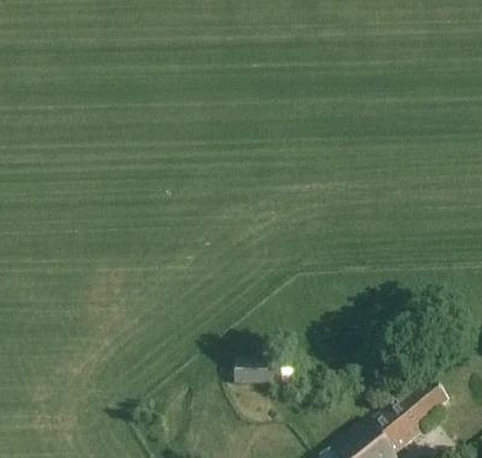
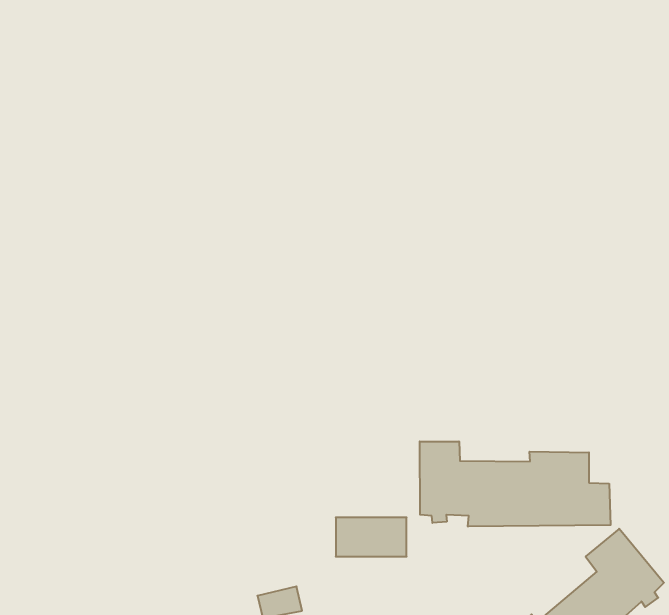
building: none -> [420,441,611,527]

